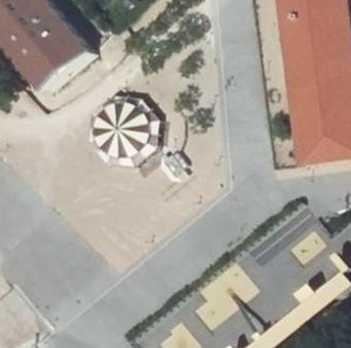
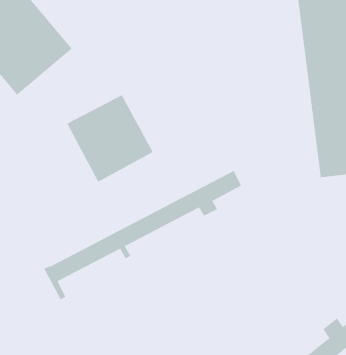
building: none -> [44,170,242,300]

